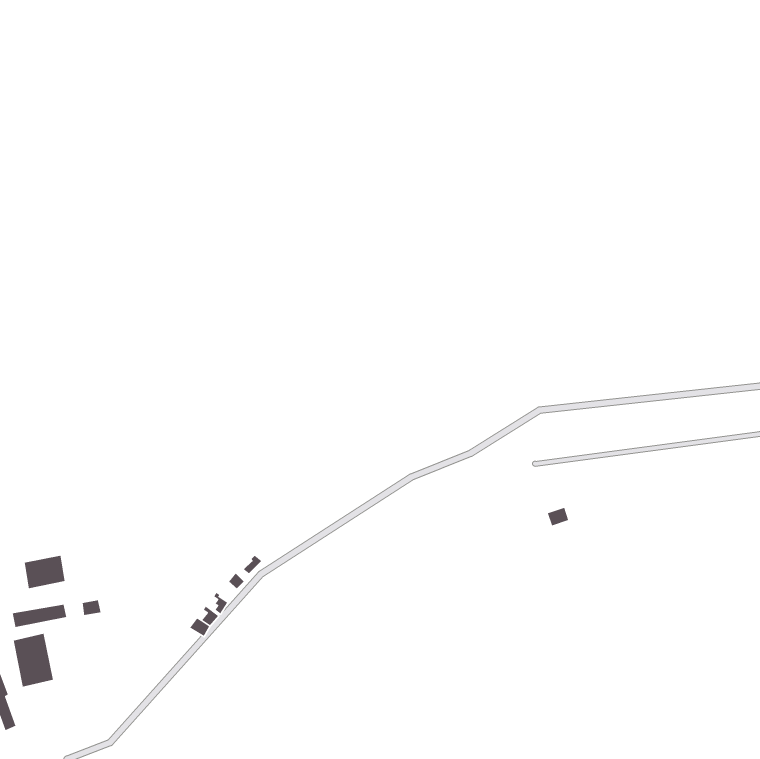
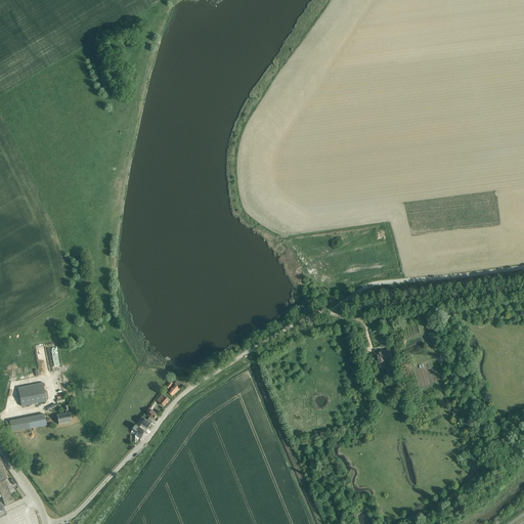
building: [13,633,54,688] -> none

